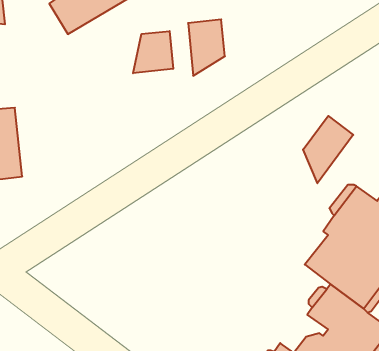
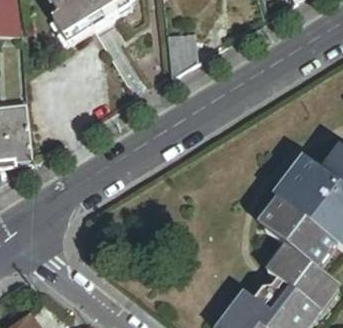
building: [133,31,173,73] -> none
building: [303,116,353,183] -> none

